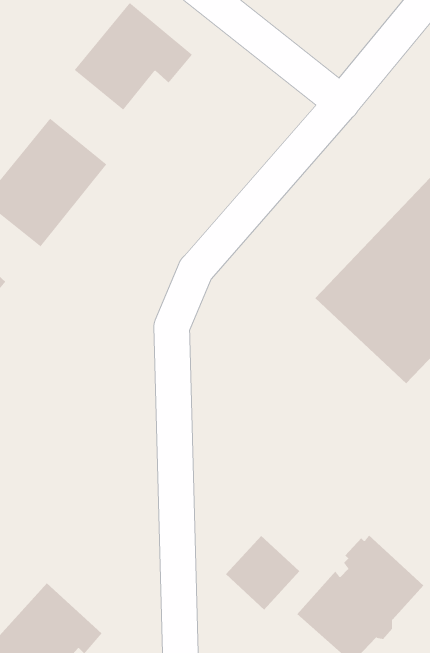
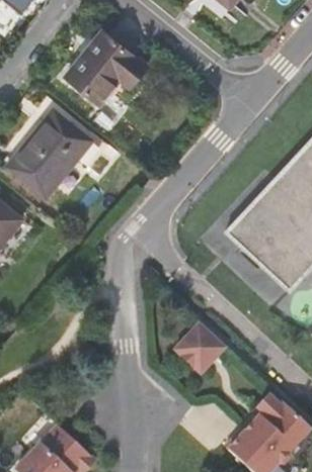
building: [225,535,300,610] -> [167,321,218,372]

